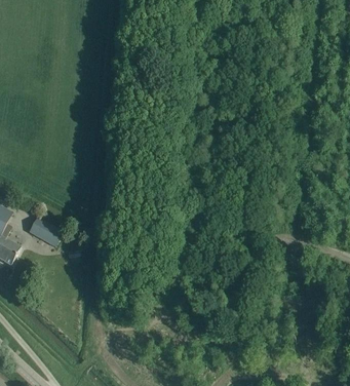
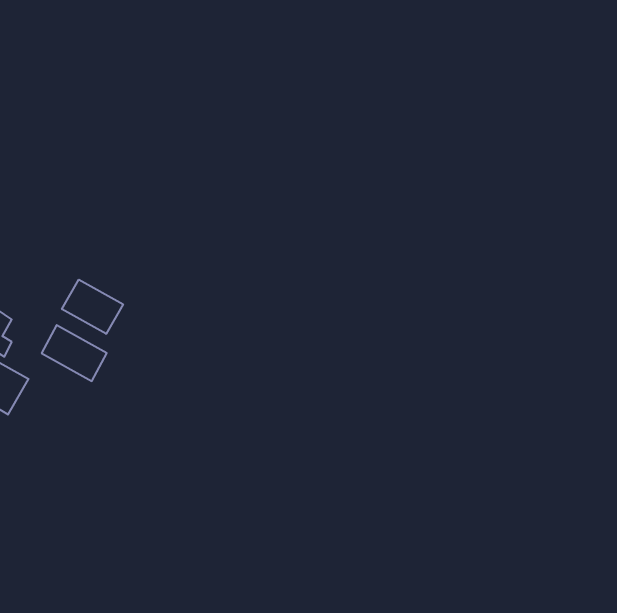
building: none -> [62,280,123,334]

